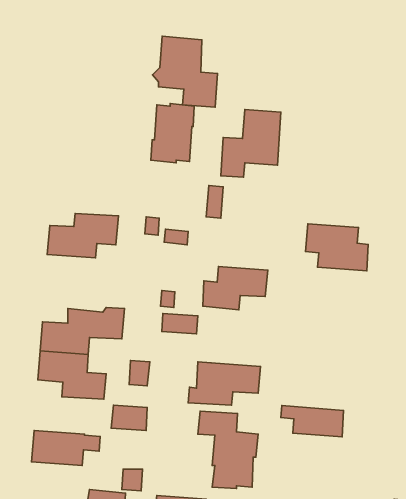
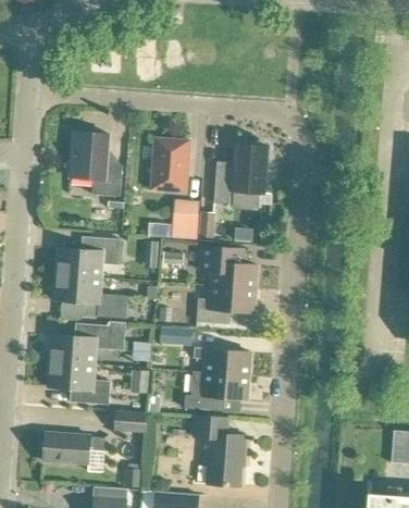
building: [153,36,218,107] -> [65,132,124,196]
building: none -> [166,200,200,240]
building: [305,224,368,271] -> [201,246,258,288]
building: none -> [55,274,129,320]
building: [281,406,343,437] -> [195,347,251,375]

